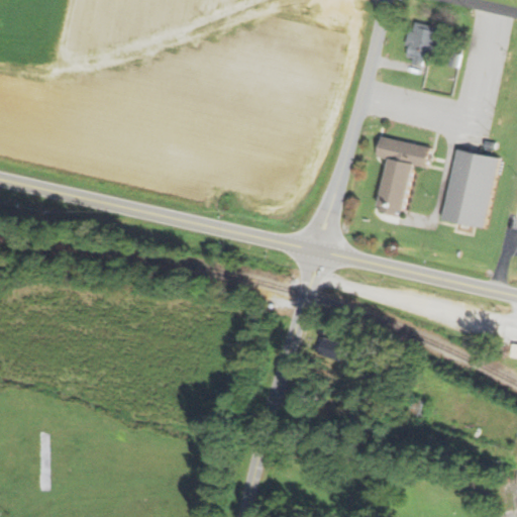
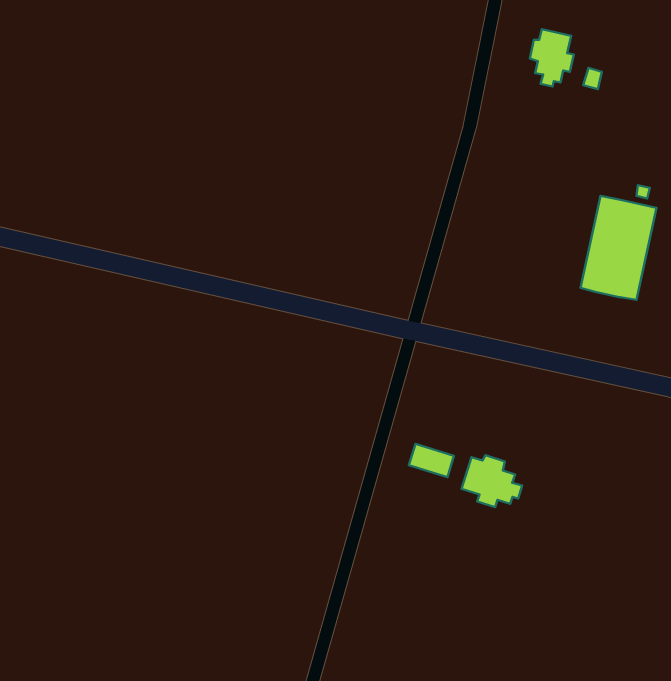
building: [375,136,430,216] -> none
building: none -> [462,455,522,507]

